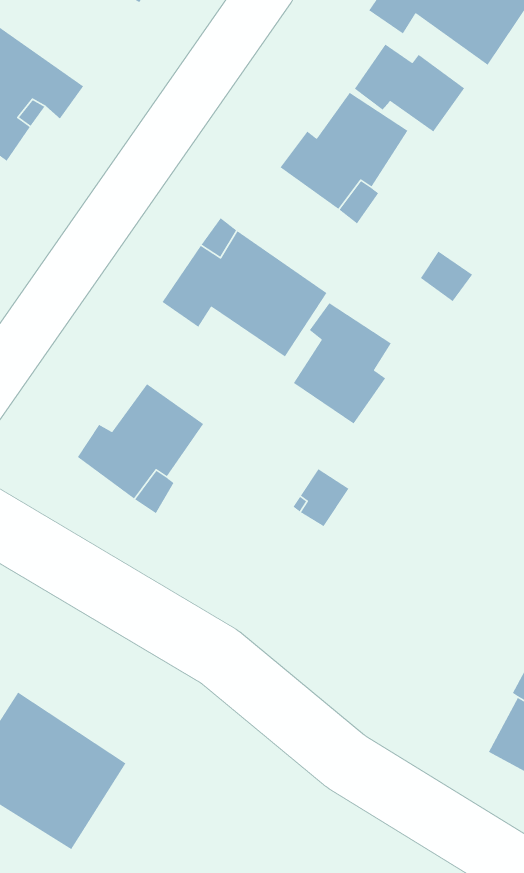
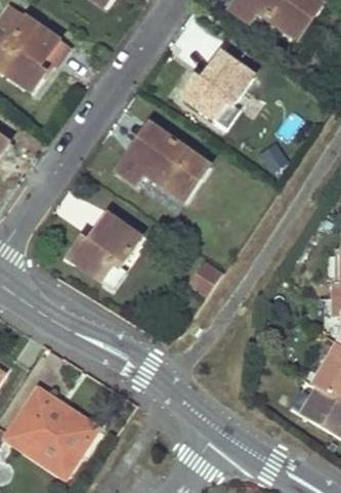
building: [354,43,465,132] -> none
building: [293,302,392,424] -> none

